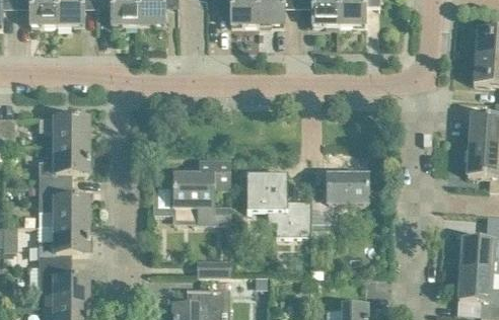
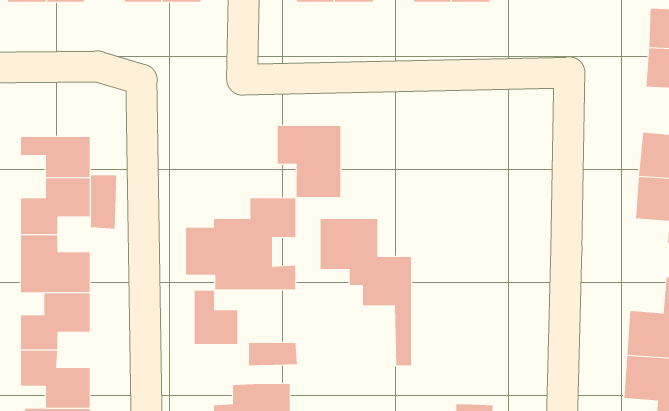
building: none -> [277,125,341,198]
building: none -> [90,175,117,229]
building: [311,174,368,222] -> none
building: none -> [194,290,238,345]

